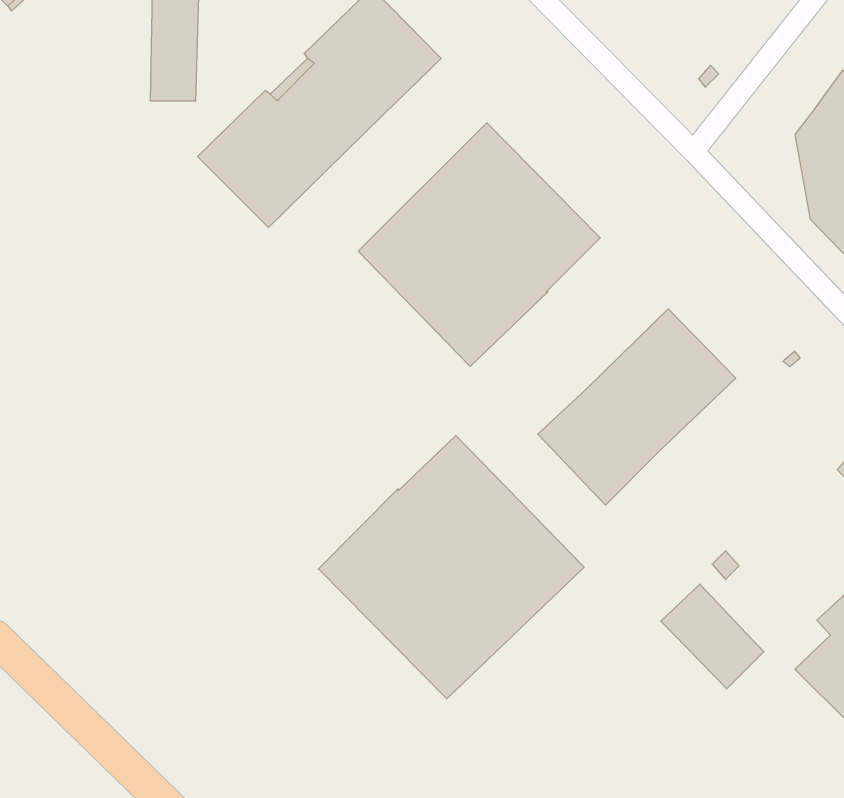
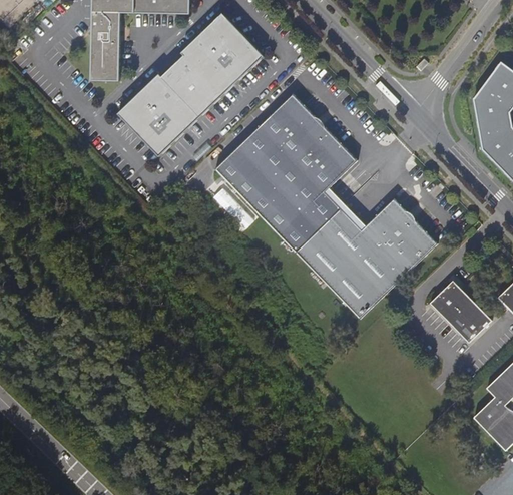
building: none -> [281,192,398,277]
building: [318,435,584,699] -> none
building: [661,584,764,689] -> [430,281,491,343]

